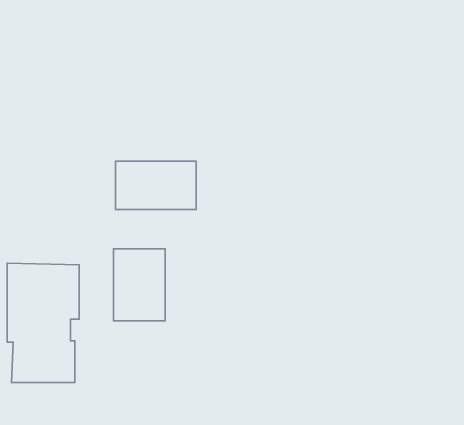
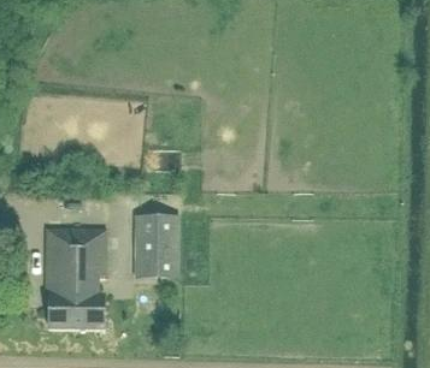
building: [115,161,196,210] -> none

